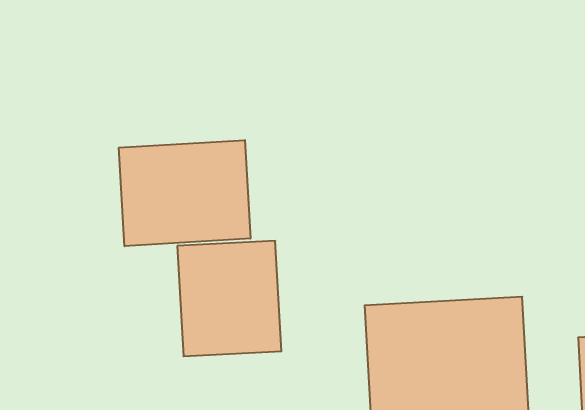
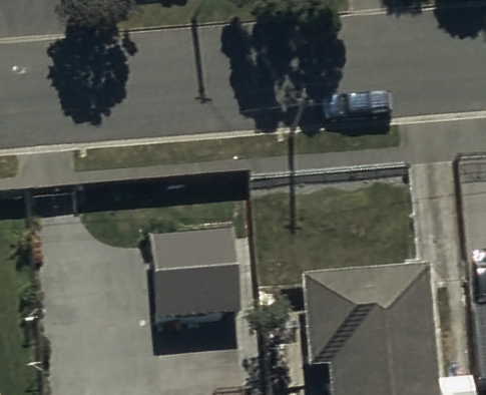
building: [119,140,250,246] -> none

